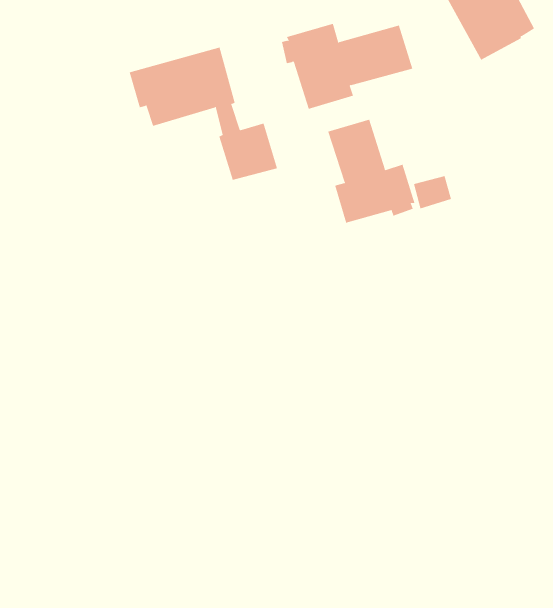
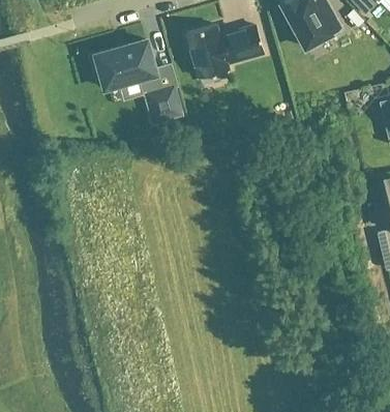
building: [327,119,415,223] -> none

